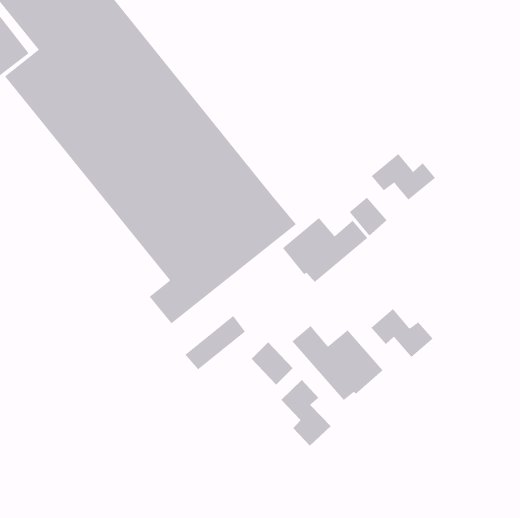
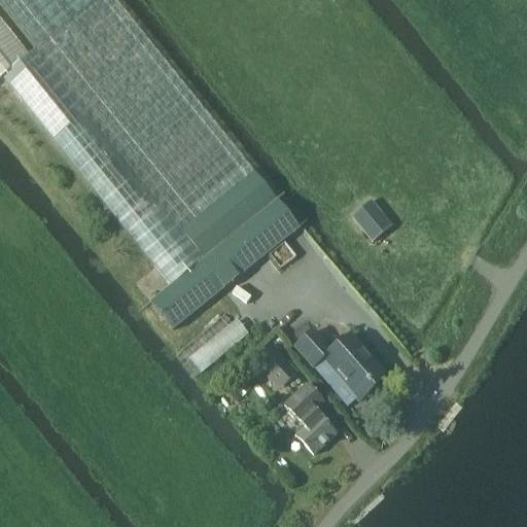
building: [371,153,436,201] -> none
building: [282,217,368,283] -> none
building: [371,308,434,358] -> none

